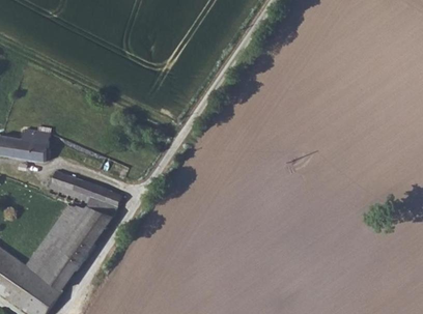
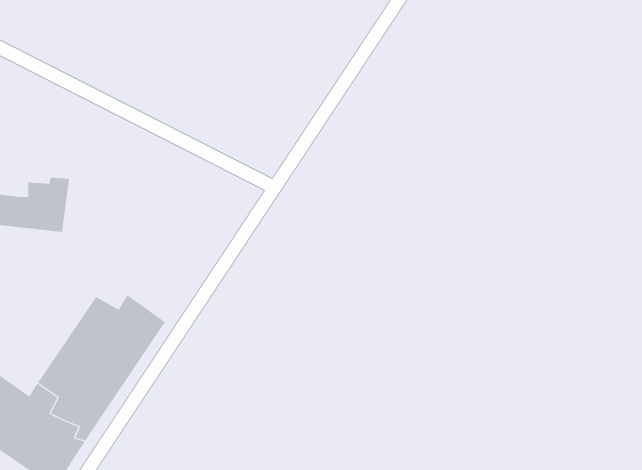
building: [54,173,120,219] -> none

